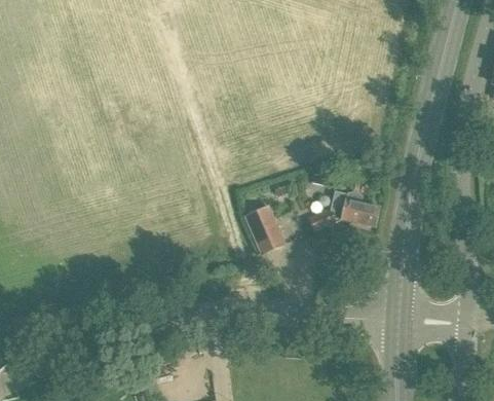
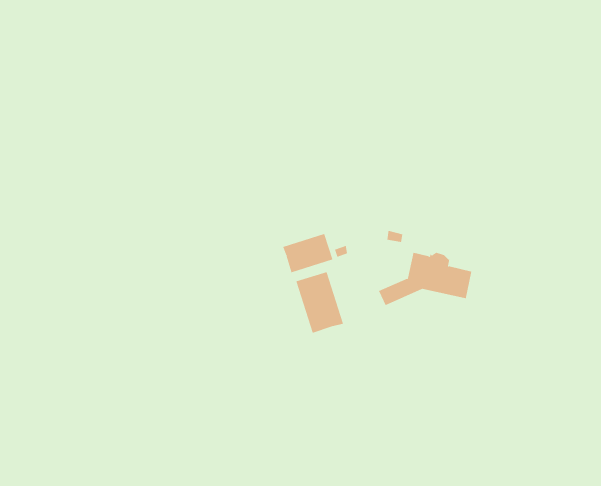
building: none -> [282,233,333,273]

